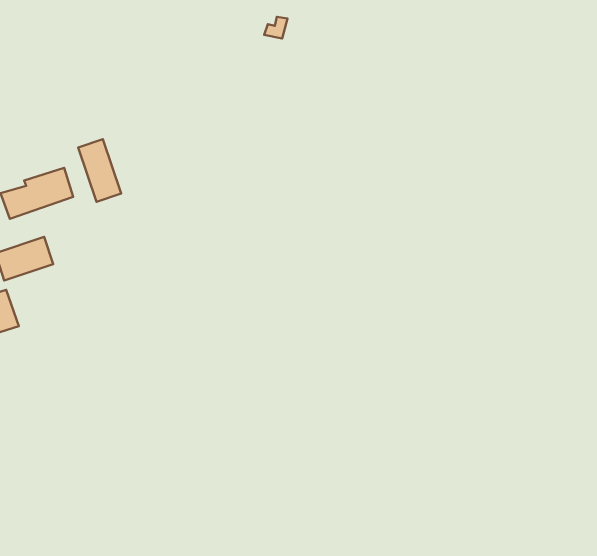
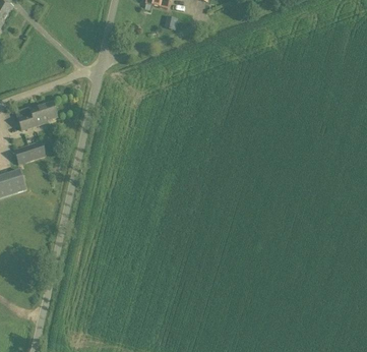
building: [78,139,121,202] -> none

